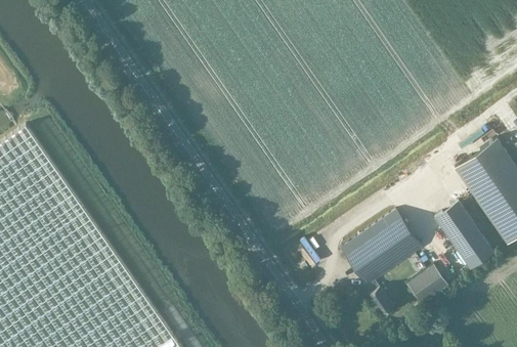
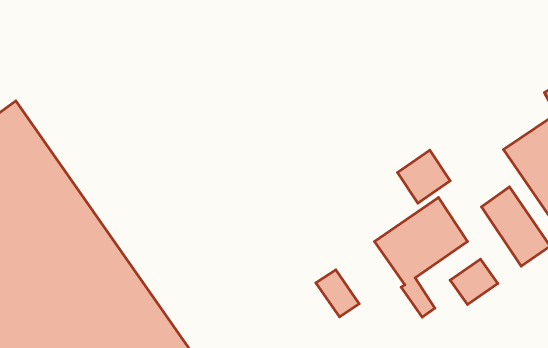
building: none -> [397,150,450,203]
building: none -> [316,270,359,317]

